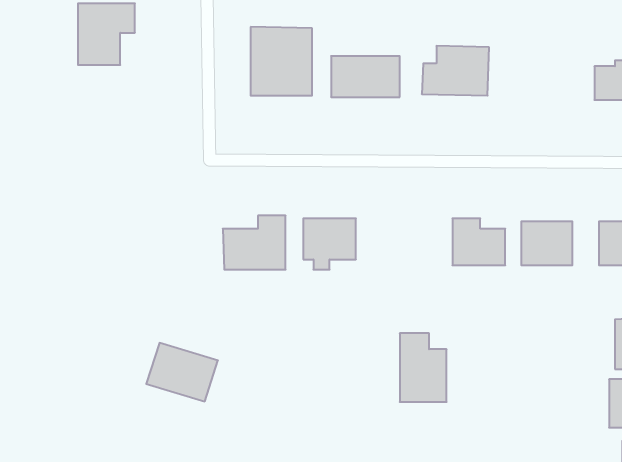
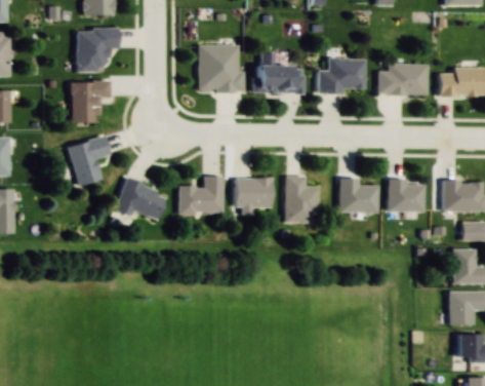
building: none -> [378,64,427,94]
building: none -> [71,81,109,122]
building: none -> [69,137,110,186]
building: [400,333,447,402] -> [285,176,318,224]
building: [146,343,218,401] -> [116,180,166,221]

